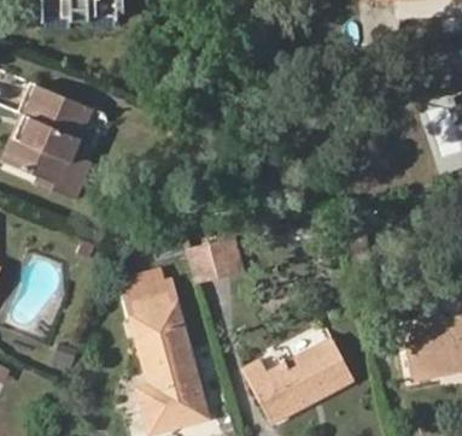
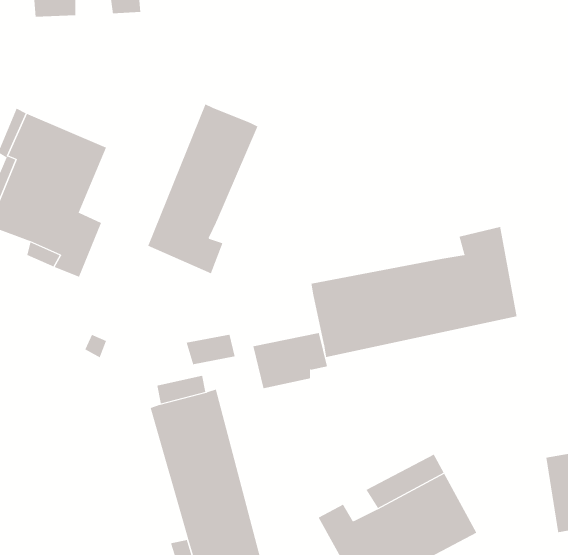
building: none -> [147,104,258,274]
building: none -> [311,226,517,358]

